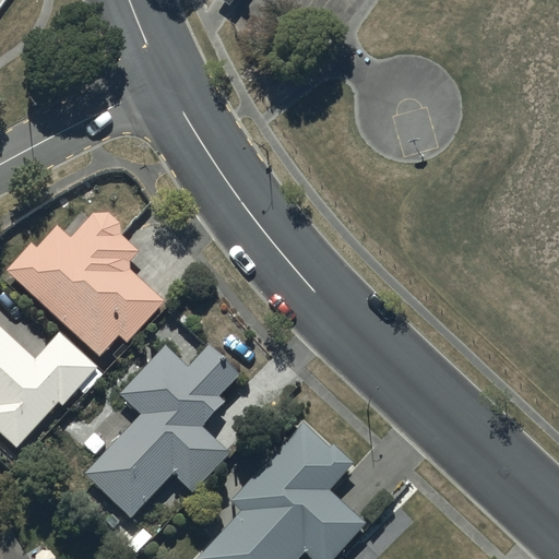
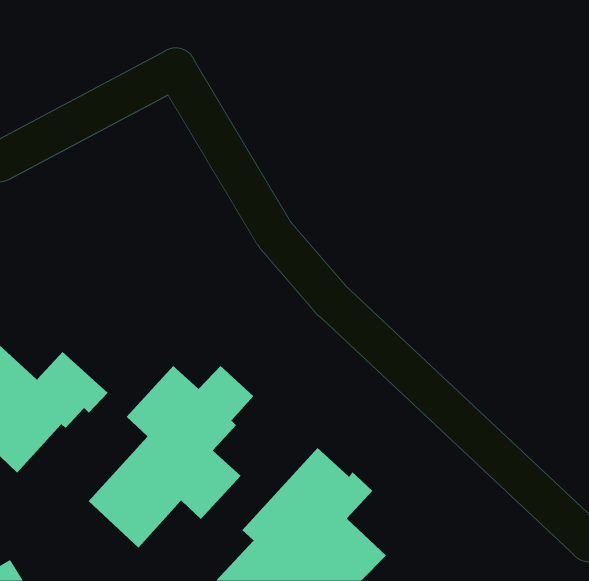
building: [5,213,165,357] -> none

